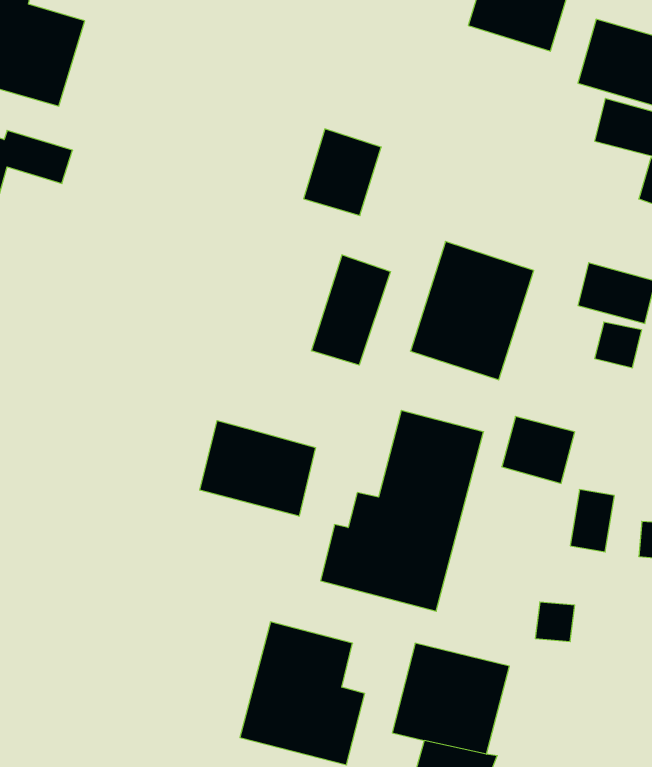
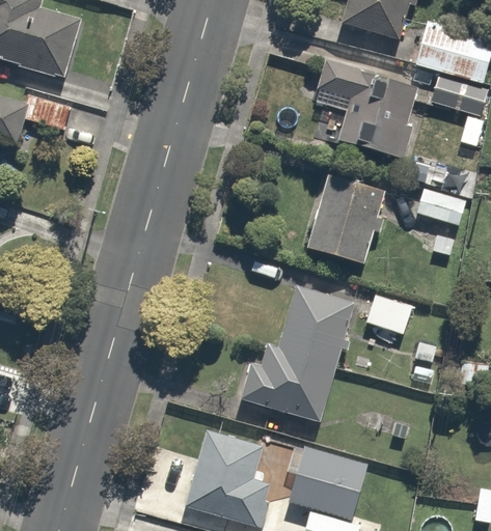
building: none -> [352,78,421,162]
building: [304,129,381,216] -> [312,57,365,116]
building: [311,255,390,365] -> none
building: [200,421,316,516] -> none

